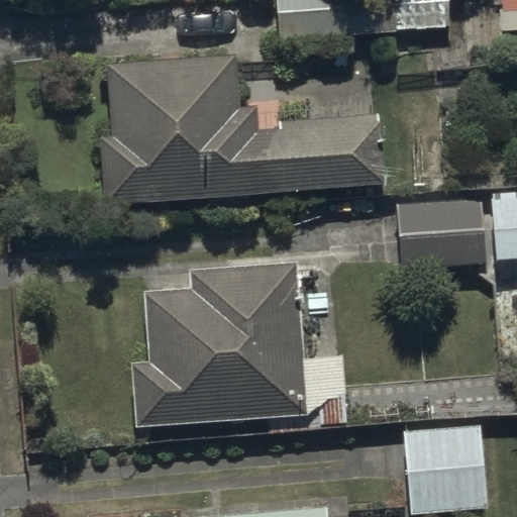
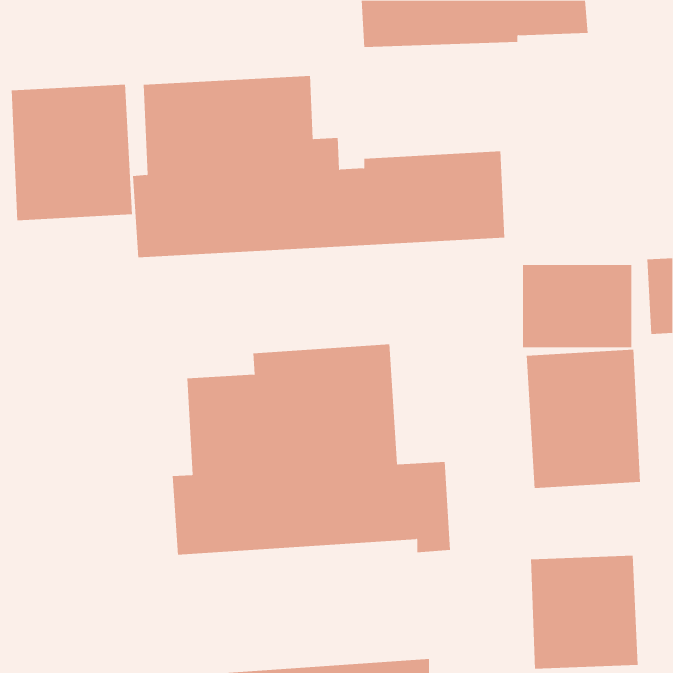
building: none -> [11,84,133,221]
building: none -> [526,349,641,489]

